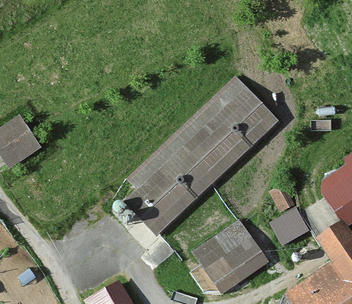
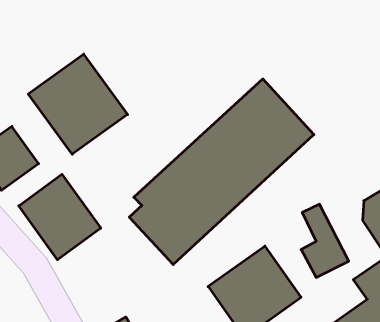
building: none -> [28,54,128,154]
building: none -> [19,174,101,260]

